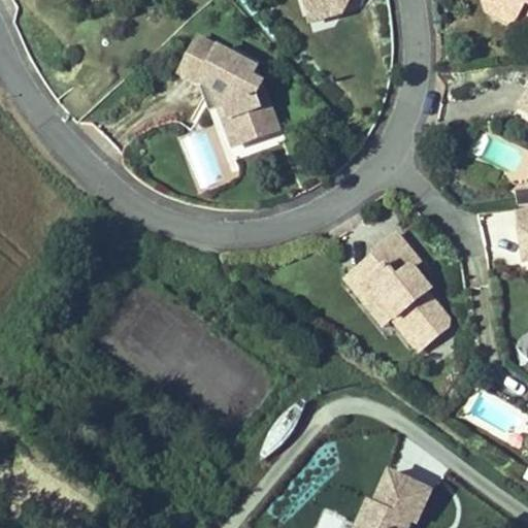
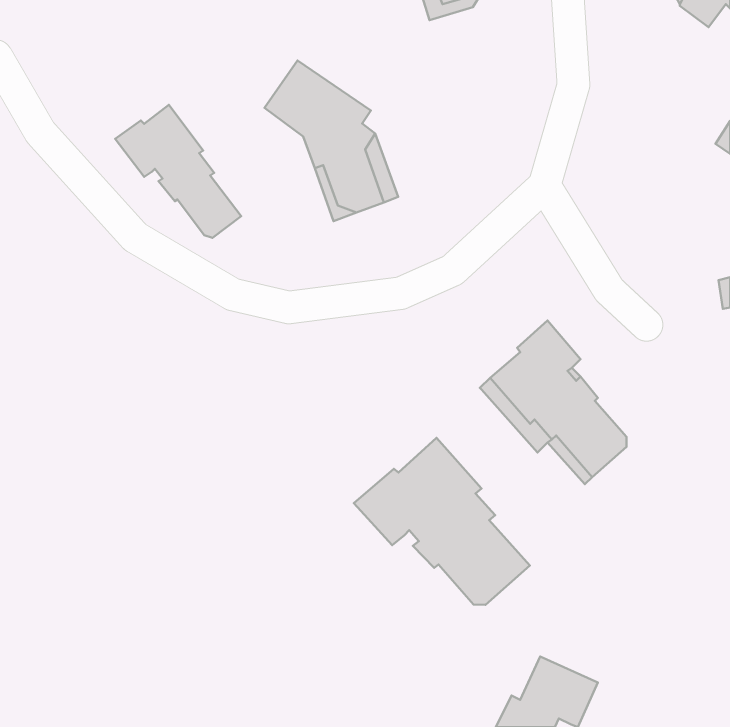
building: none -> [115,105,241,238]
building: none -> [354,438,530,605]

